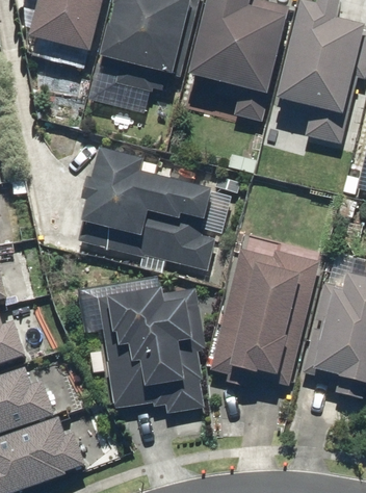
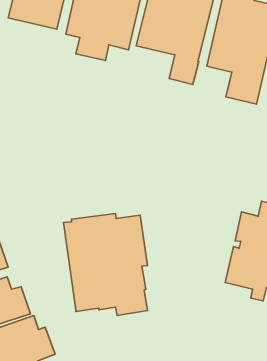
building: [76,146,214,270] -> none
building: [208,247,318,390] -> none

